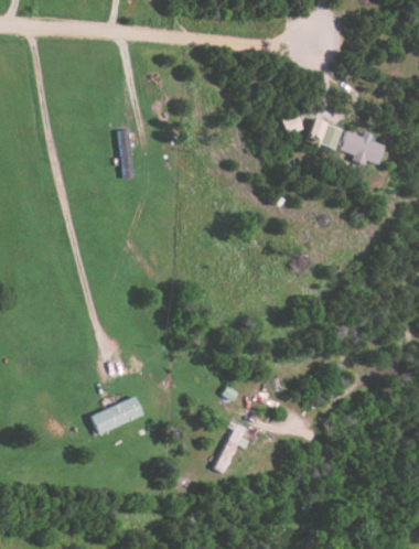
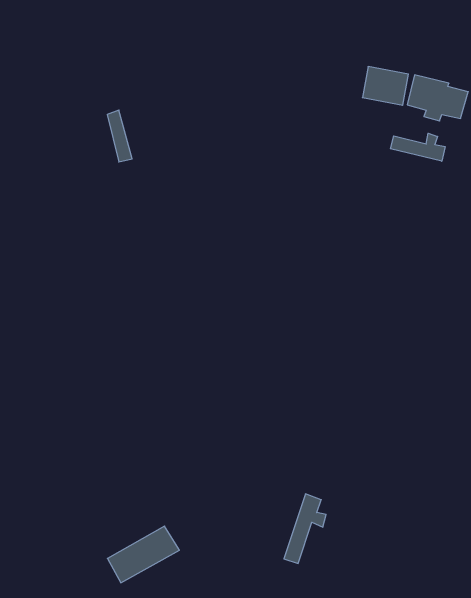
building: none -> [390,133,445,161]
building: [89,397,142,434] -> [107,526,179,583]

